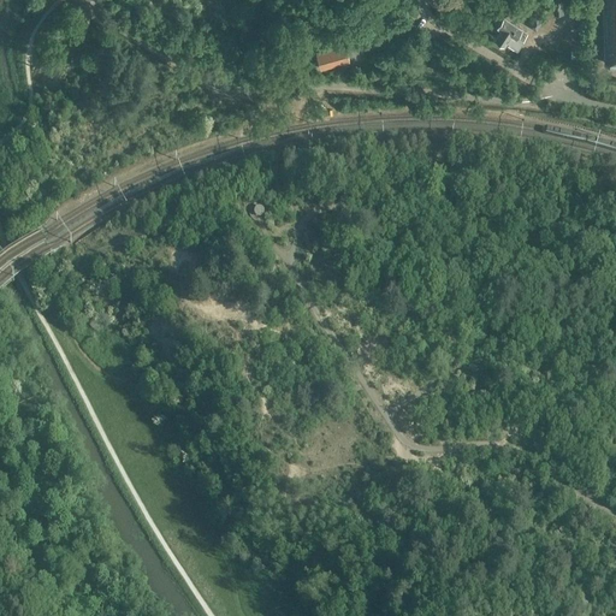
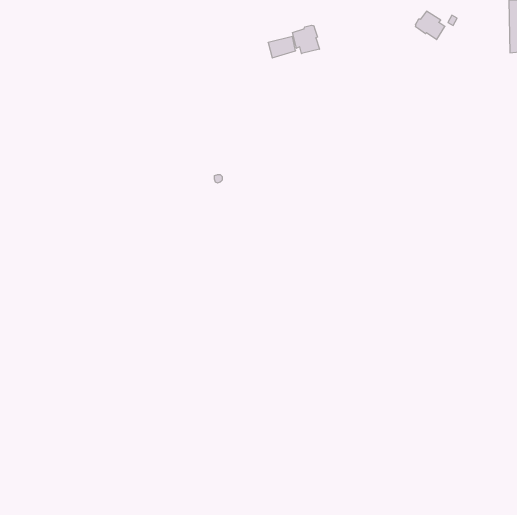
building: none -> [292,25,319,54]

